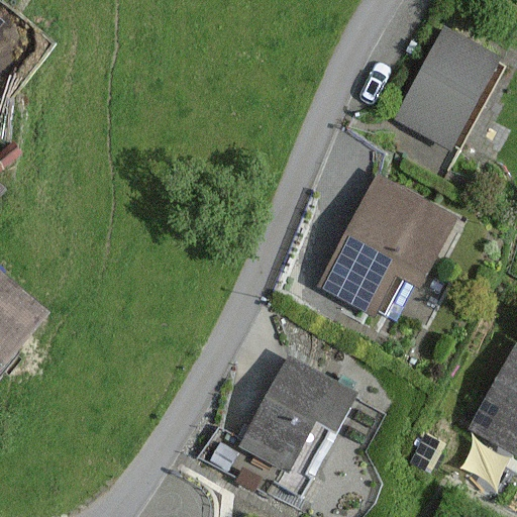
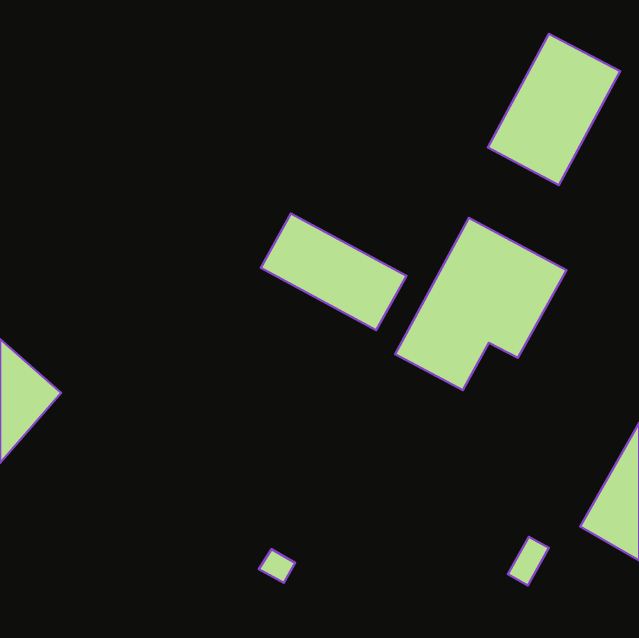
building: none -> [261,213,406,330]
building: [239,355,359,496] -> none

